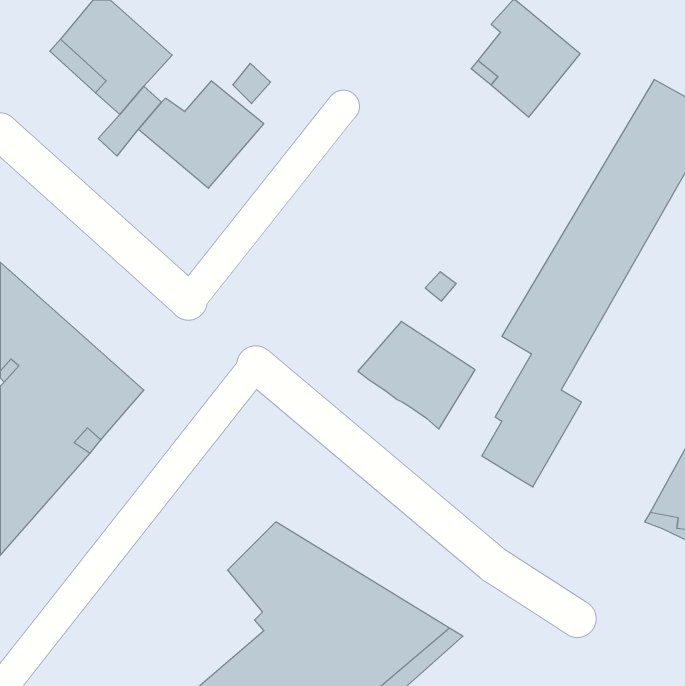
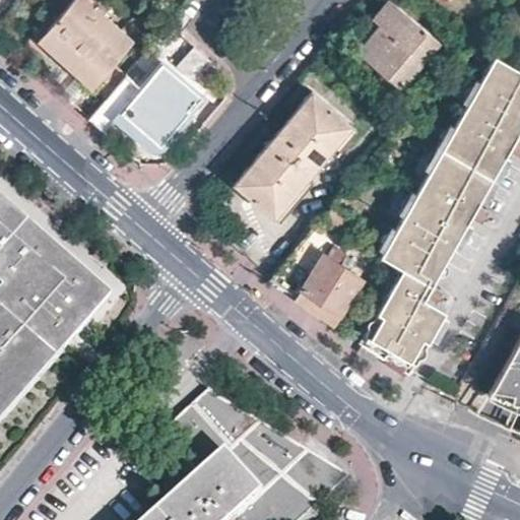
building: none -> [236,92,352,217]

